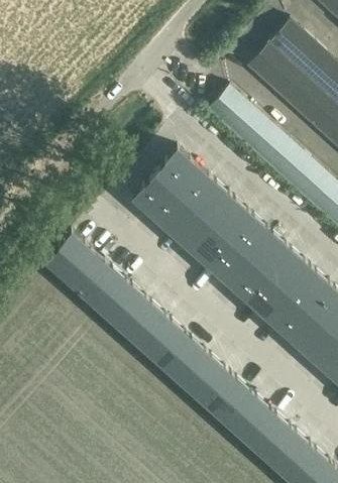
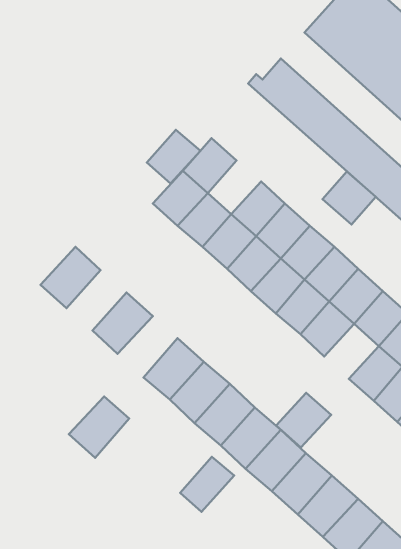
building: [174,164,215,206] -> [147,130,201,184]
building: none -> [323,172,376,224]
building: [65,249,111,295] -> none
building: [104,284,150,332] -> [69,396,129,458]
building: [263,290,306,333] -> [276,393,331,448]
building: none -> [180,457,234,512]

